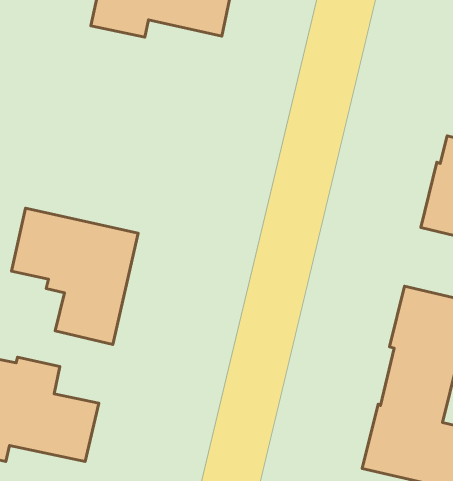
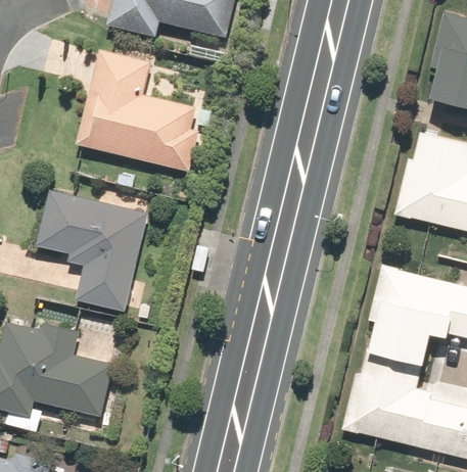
building: none -> [76,51,198,174]

